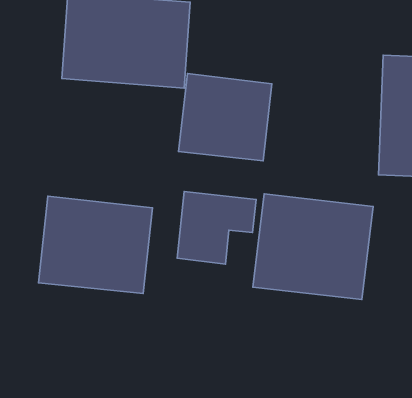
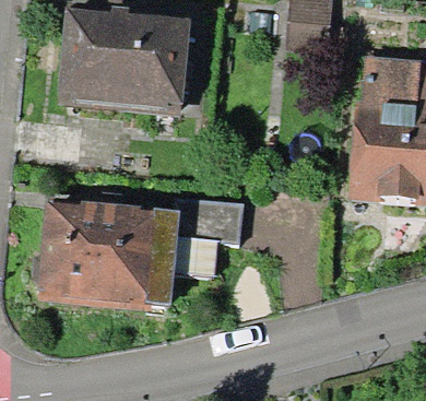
building: [178,74,272,161] -> none
building: [253,194,373,300] -> none

